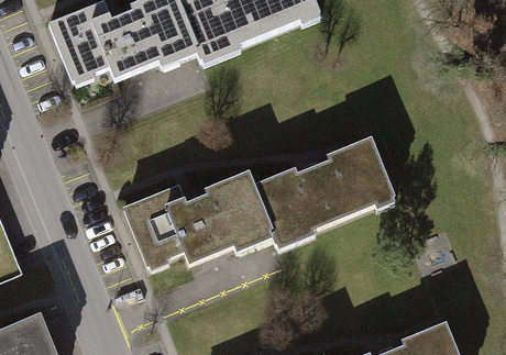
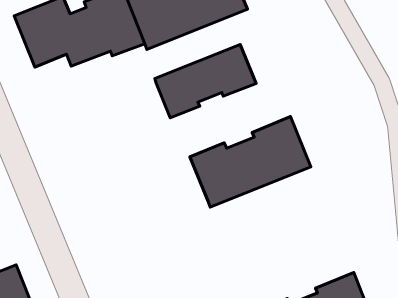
building: none -> [155,45,256,118]
building: [120,174,274,267] -> none

